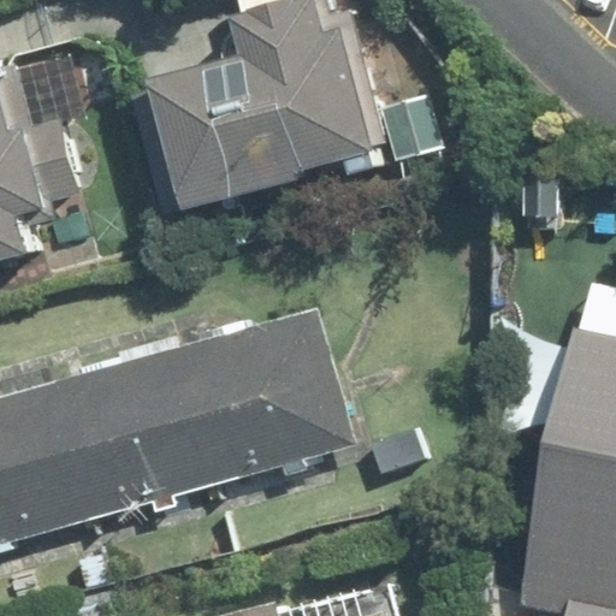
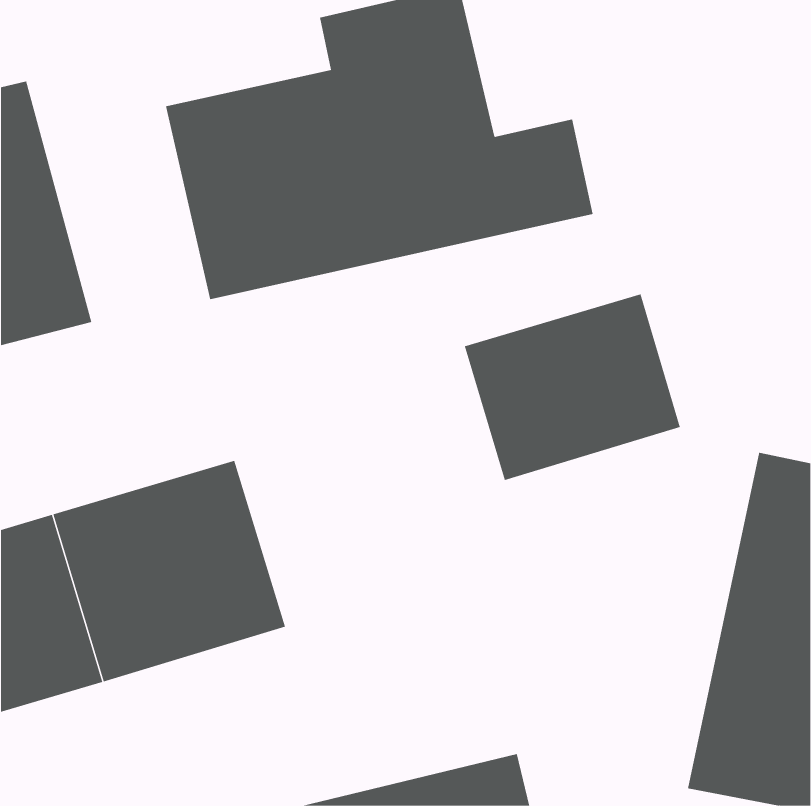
building: none -> [464,294,680,481]
building: [178,308,355,475] -> none

